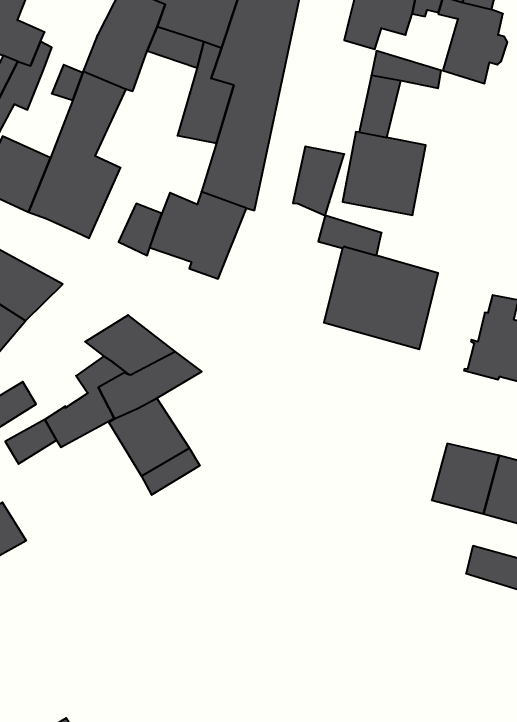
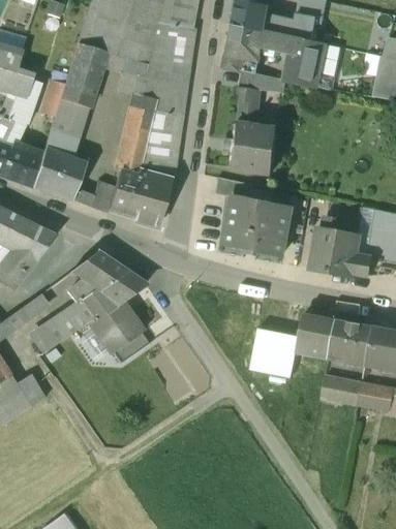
building: [293,146,344,215] -> [116,134,146,177]
building: none -> [250,329,299,378]

